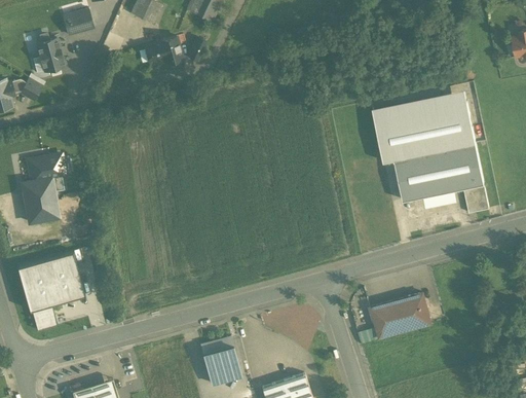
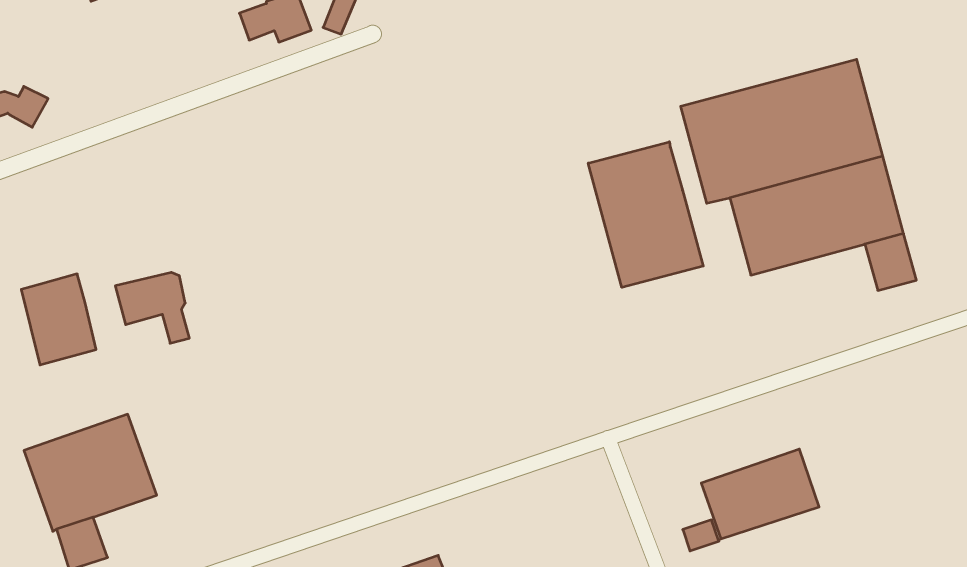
building: [36,38,63,76] -> none
building: none -> [588,142,703,287]
building: [27,155,64,192] -> [115,272,189,343]

